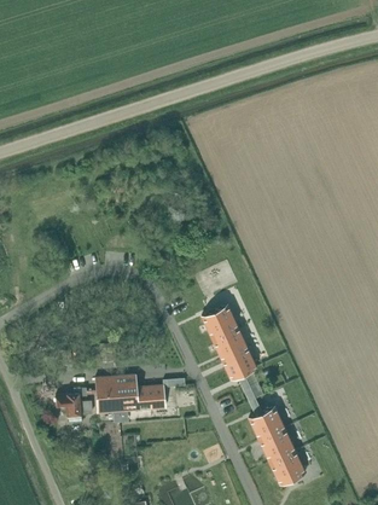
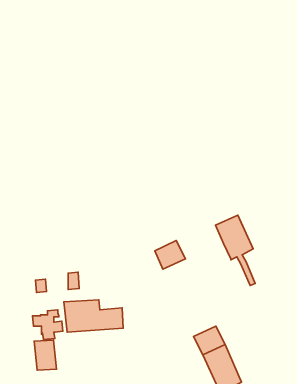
building: [211,326,258,410] -> [215,215,255,285]
building: none -> [34,340,56,370]

